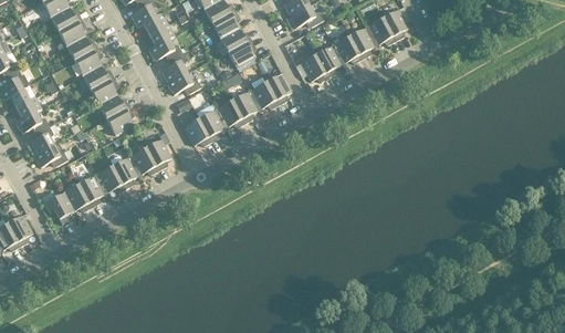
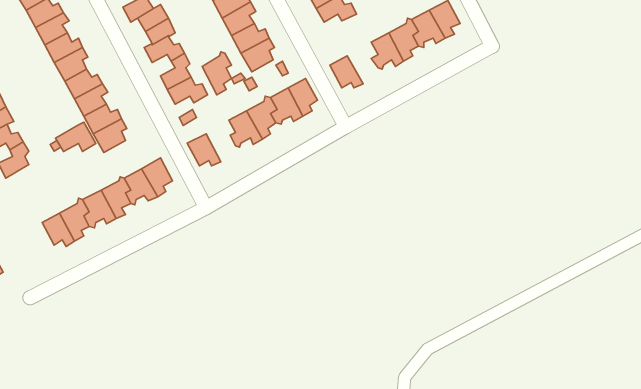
building: [314,42,339,77] -> none
building: [198,106,222,142] -> [202,52,232,95]
building: [33,142,66,166] -> [56,122,96,152]
building: [43,191,73,223] -> none

